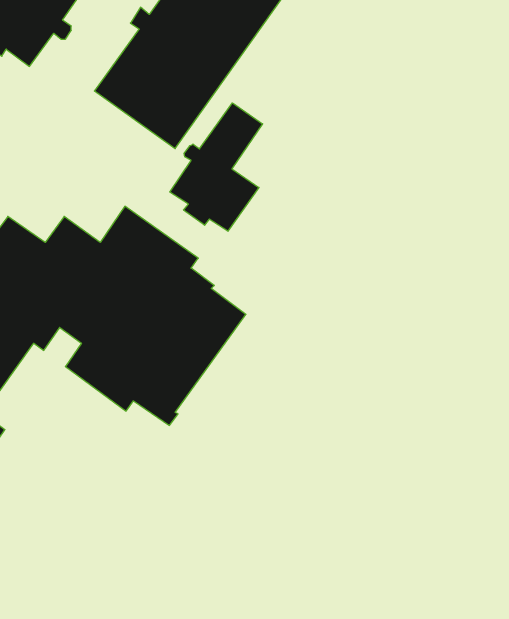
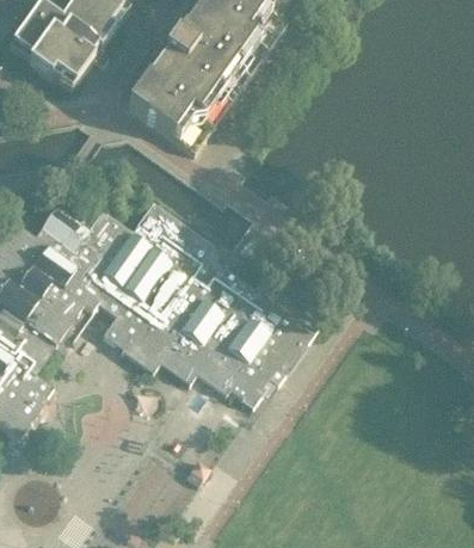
building: [170,103,263,231] -> none
building: none -> [189,278,315,407]

